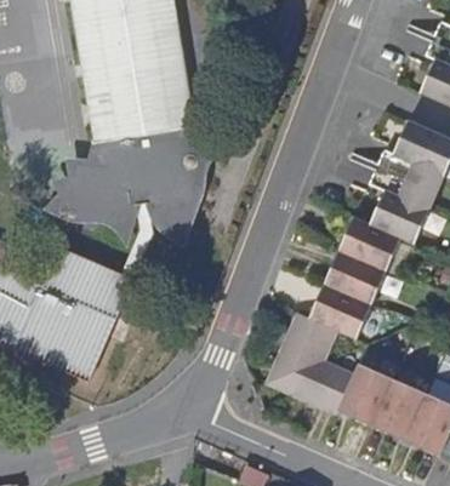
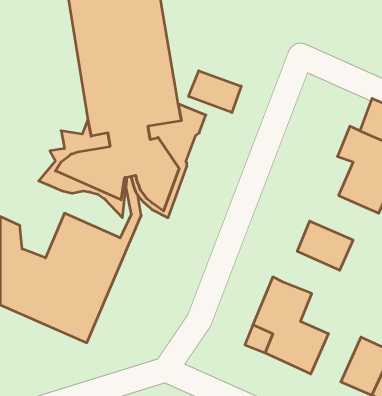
building: none -> [189,71,241,113]
building: [337,217,399,271] -> none
building: [309,284,370,337] -> none
building: [341,364,393,425] -> none

